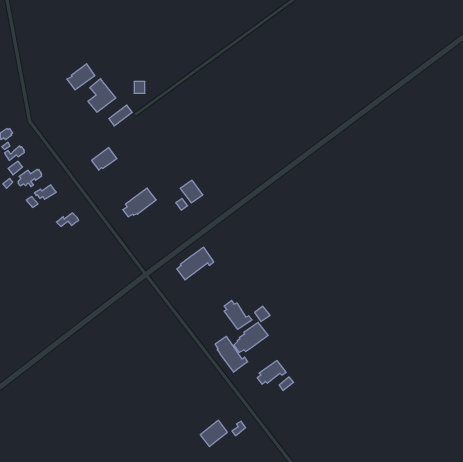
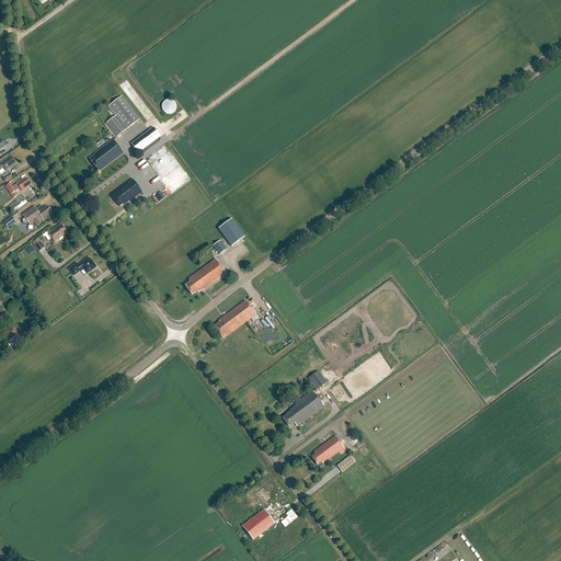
building: [67,64,95,90] -> [89,139,123,171]
building: [123,188,156,217] -> [185,259,226,294]
building: [224,300,252,329] -> none
building: [215,336,248,372] -> none

